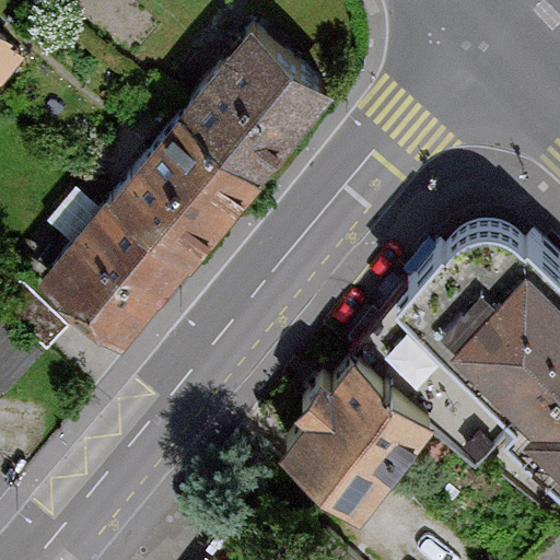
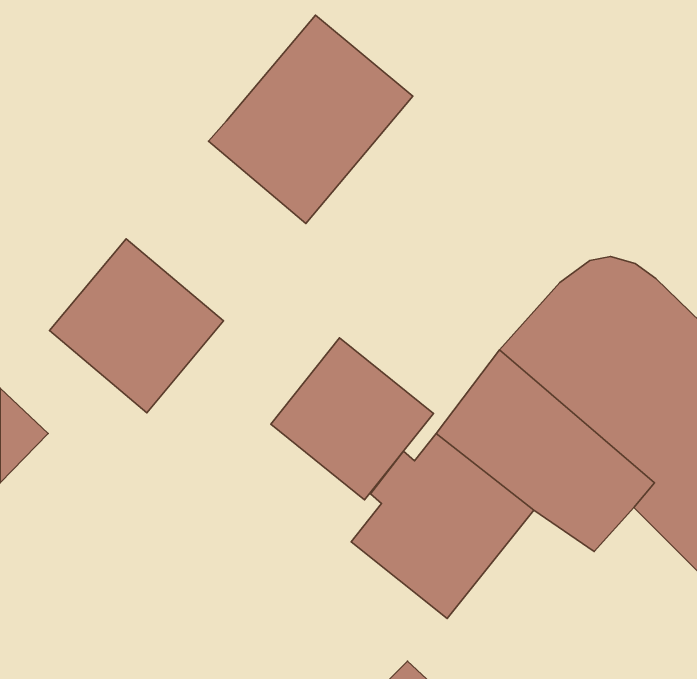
building: [104,130,247,273] -> none
building: none -> [271,338,433,500]

